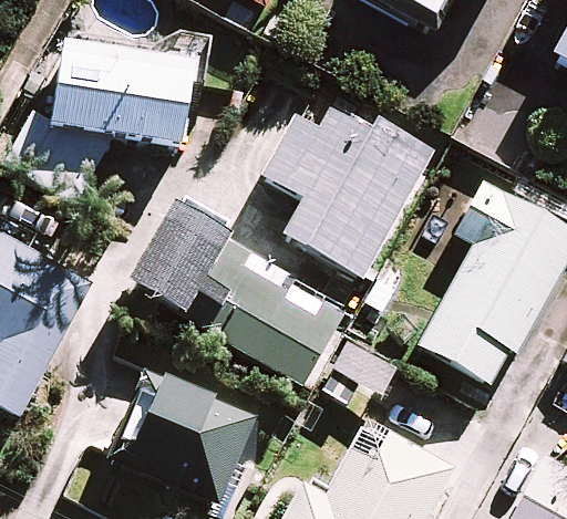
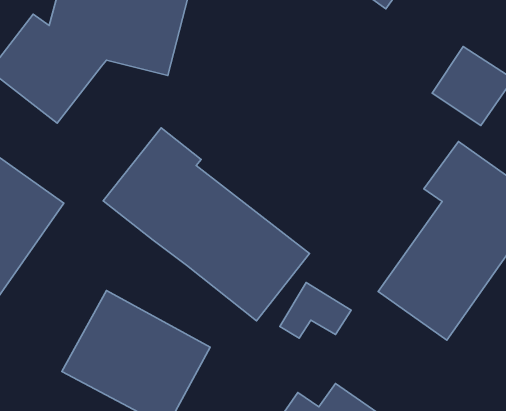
building: [262,93,430,278] -> none

